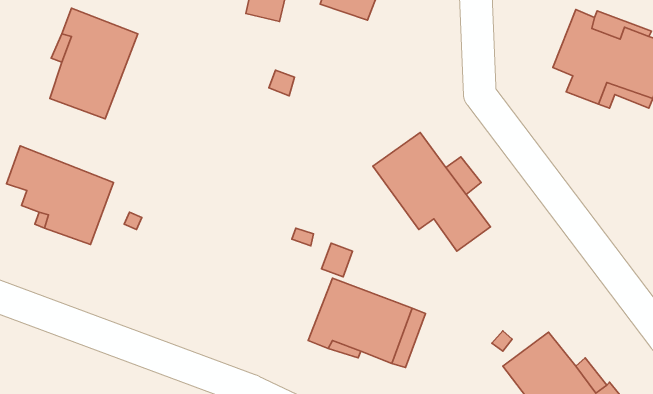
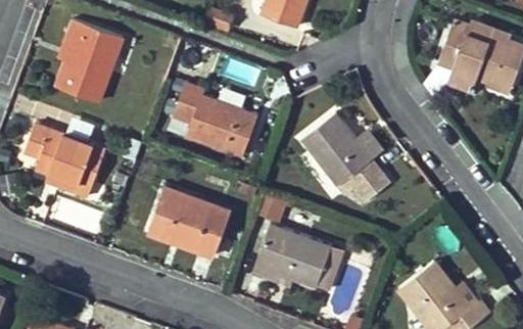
building: none -> [172,82,258,159]
building: none -> [146,187,230,255]

